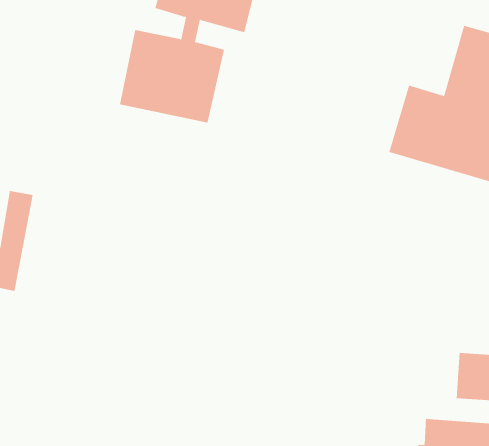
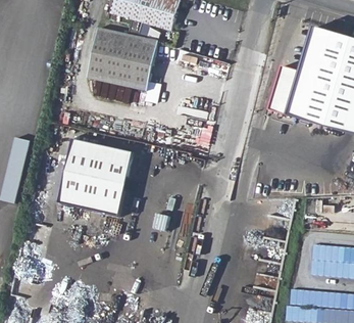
building: none -> [58,140,132,215]

